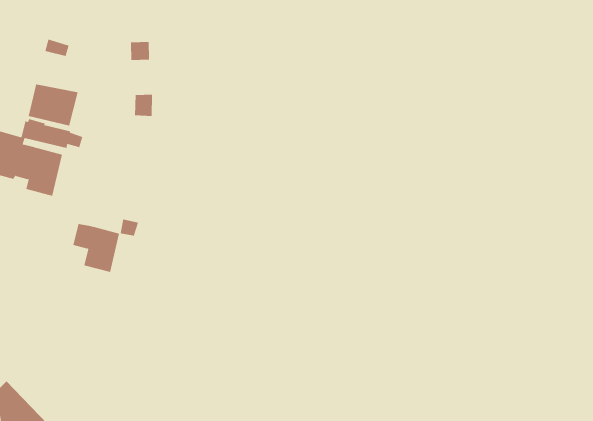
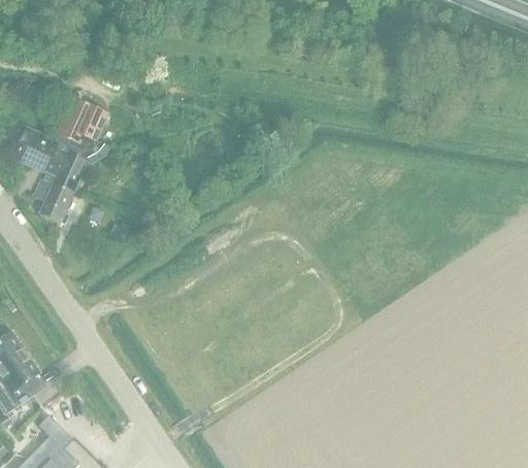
building: [72,223,120,273] -> [33,178,72,222]

